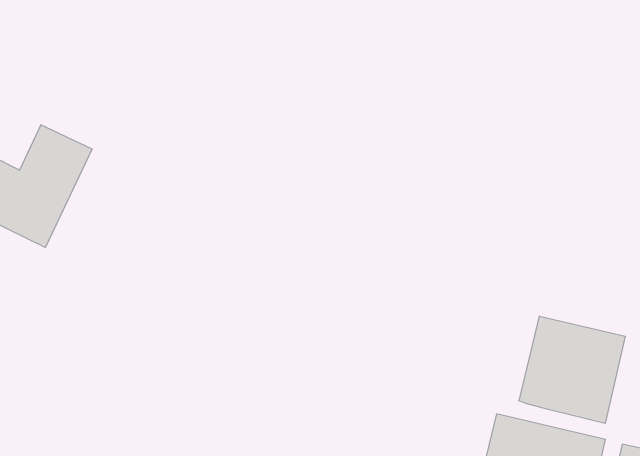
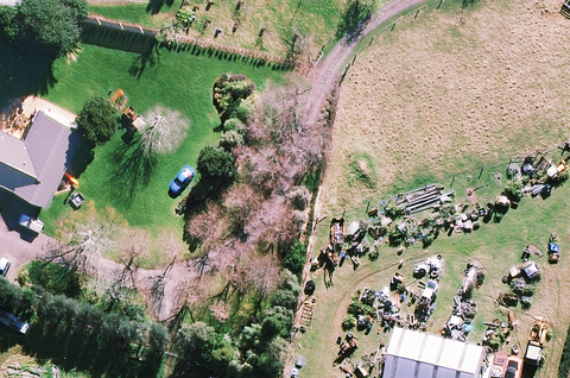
building: [519,316,625,423] -> none

